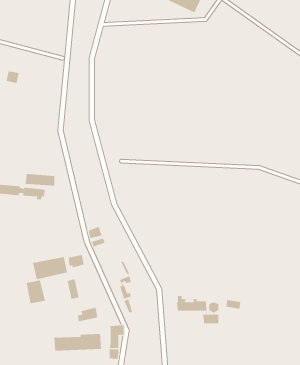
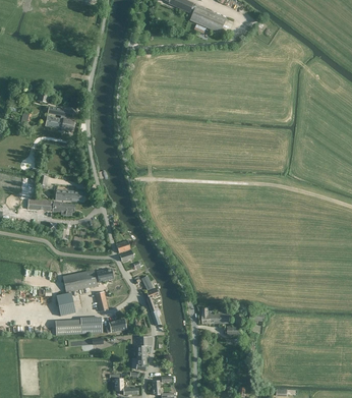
building: none -> [46,106,75,130]
building: [54,333,102,351] -> [55,318,102,335]

